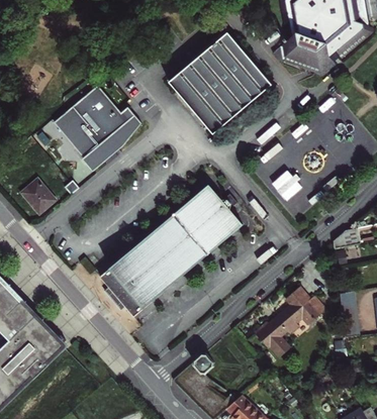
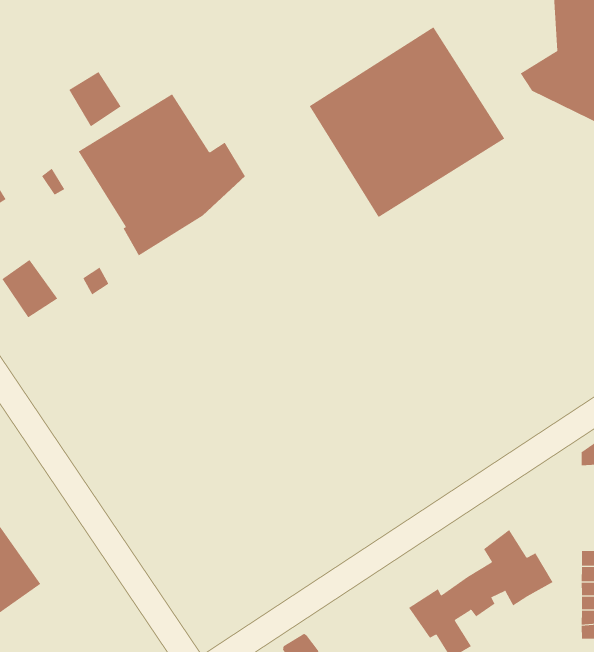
building: none -> [69,71,121,127]
building: [100,185,244,317] -> none

